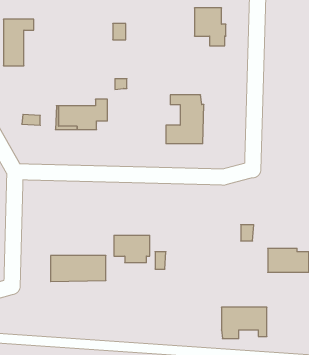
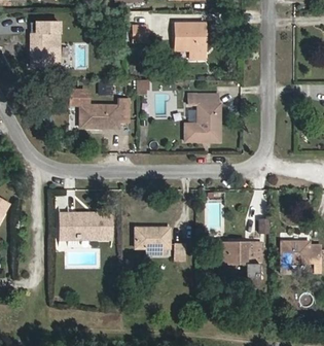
building: [194,8,226,46] -> [175,24,205,60]
building: [51,256,106,282] -> [60,214,112,239]
building: [221,307,267,339] -> [218,242,261,272]

